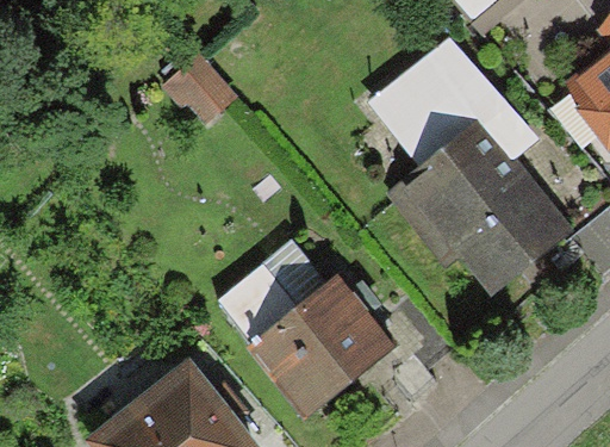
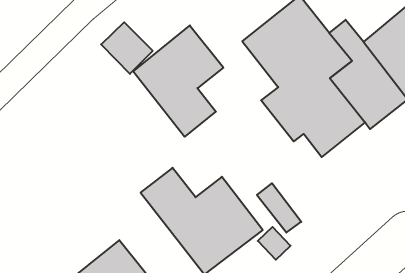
building: none -> [133,25,223,137]

